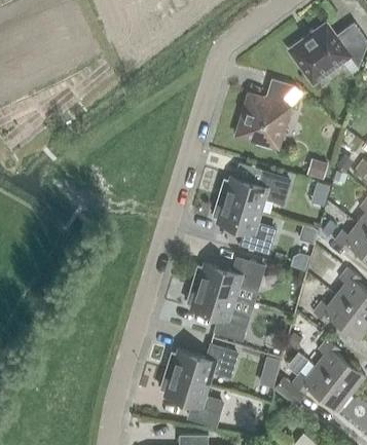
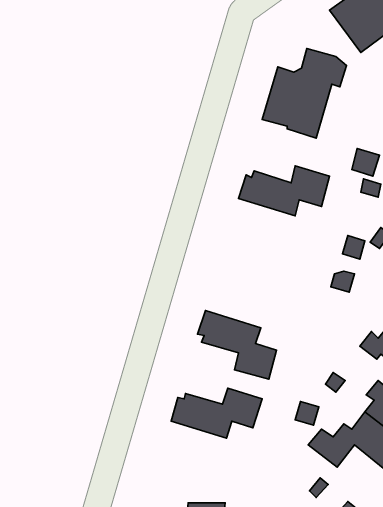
building: [213,197,274,252] -> none
building: [192,259,263,298] -> none
building: [159,371,222,425] -> none

